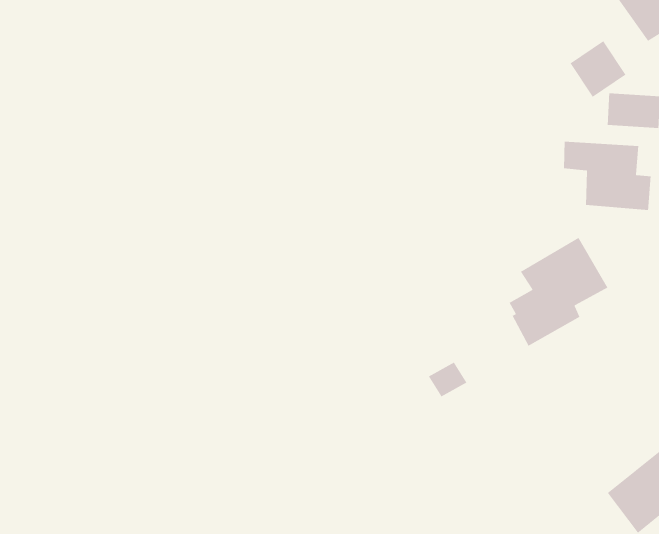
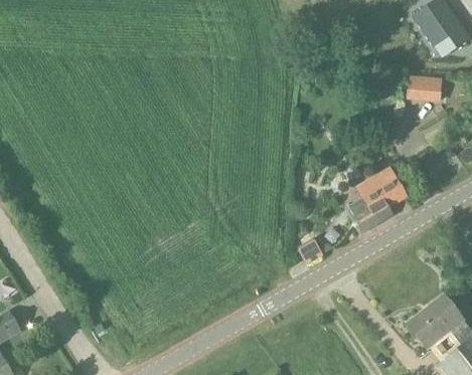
building: [570,40,626,98] -> none
building: [563,141,651,211] -> none

